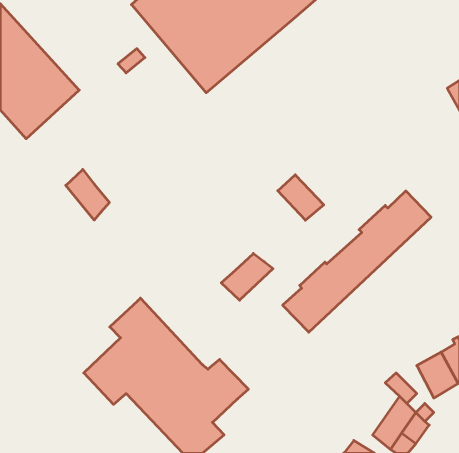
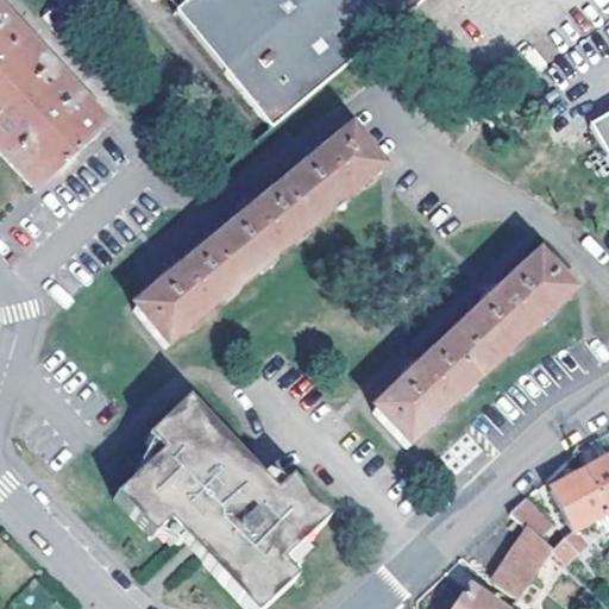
building: none -> [136,125,381,339]
building: [66,169,109,220] -> none
building: [278,175,324,220] -> none
building: [221,253,273,300] -> none

